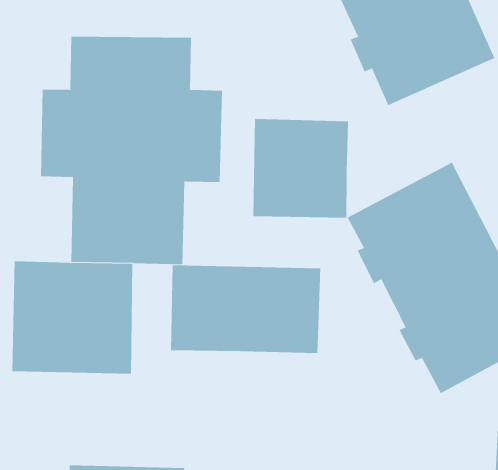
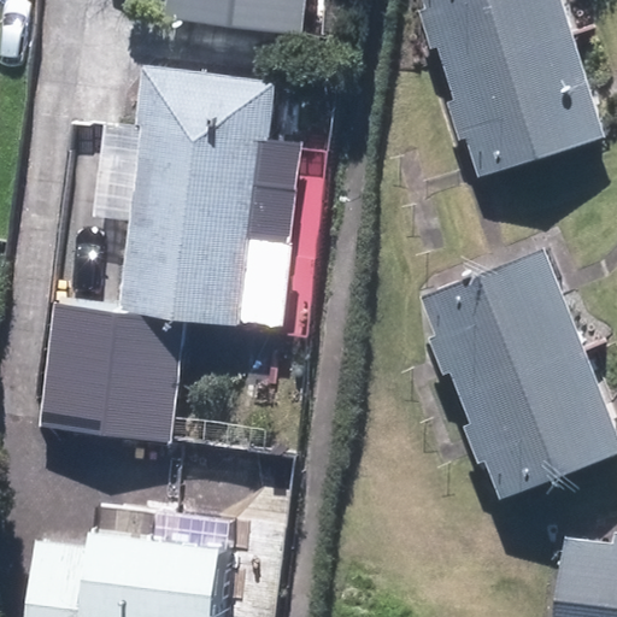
building: [253,118,348,219] -> none
building: [170,265,321,354] -> none

